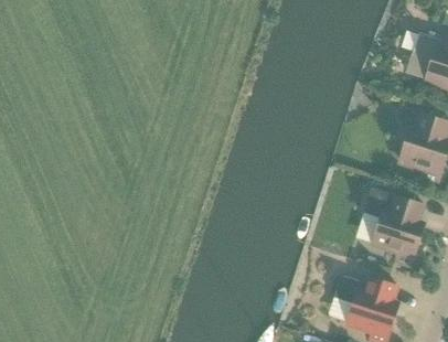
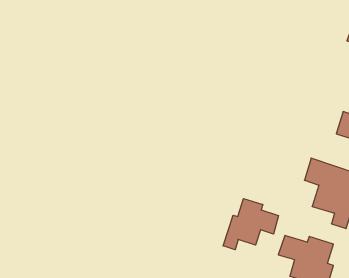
building: none -> [223,199,279,250]

